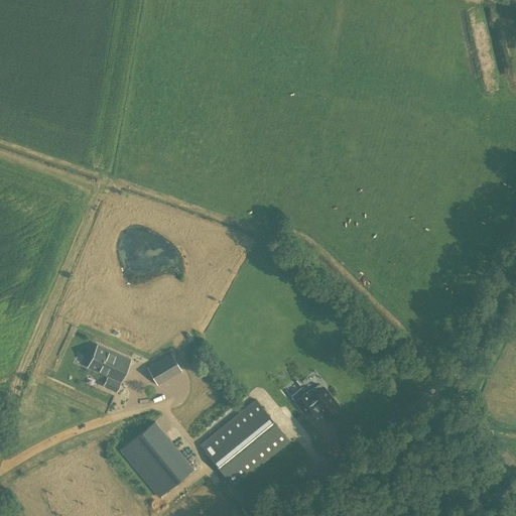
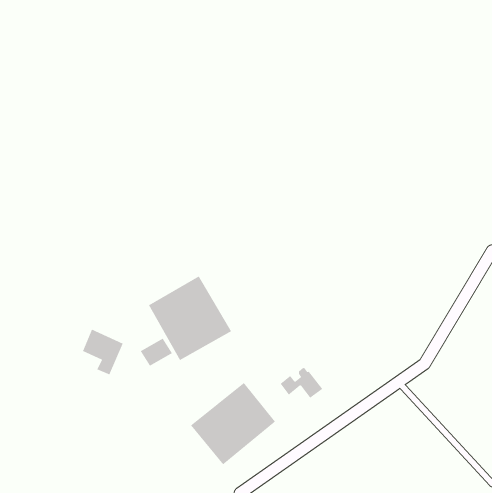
building: none -> [148,275,232,361]
building: [119,420,194,497] -> none

